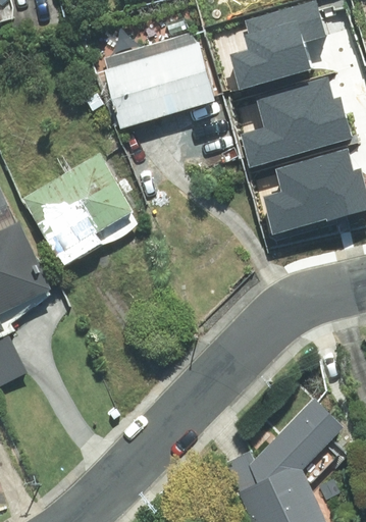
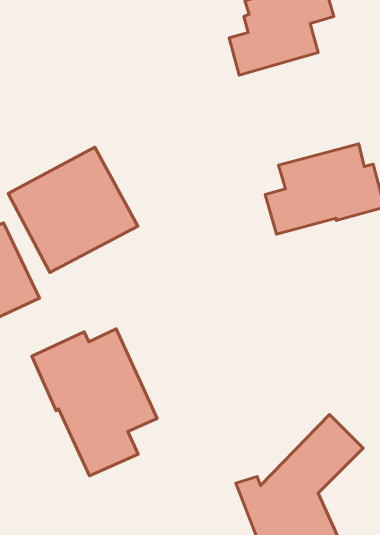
building: [104,42,220,129] -> none
building: [236,77,346,167] -> none
building: none -> [32,329,157,476]

